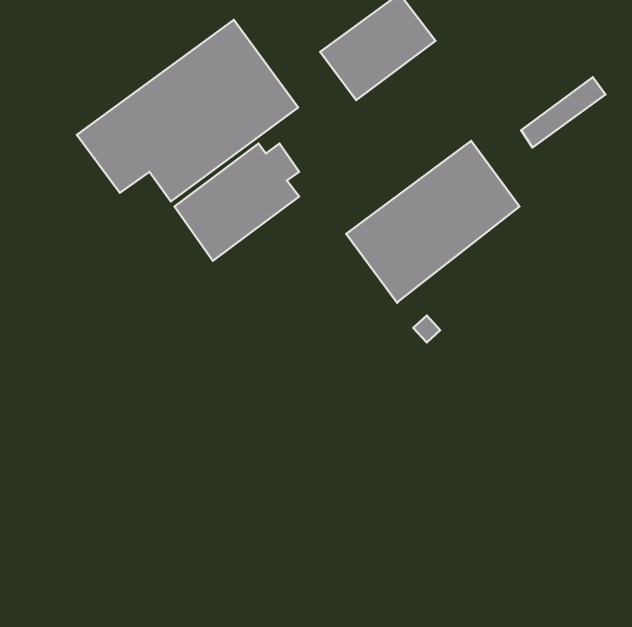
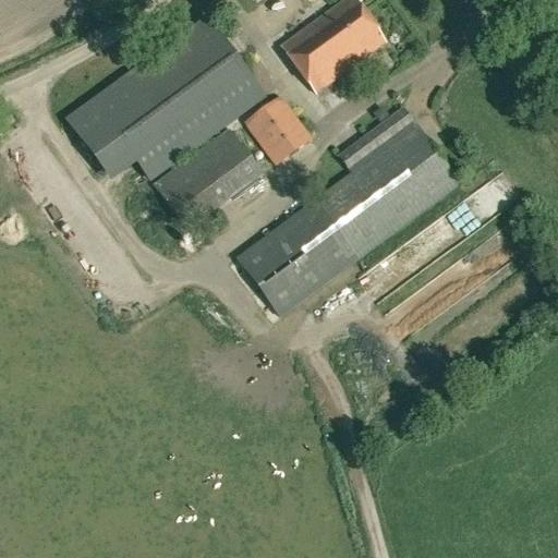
building: [521,77,605,148] -> [340,106,414,168]
building: none -> [246,96,312,162]
building: none -> [238,206,350,314]

